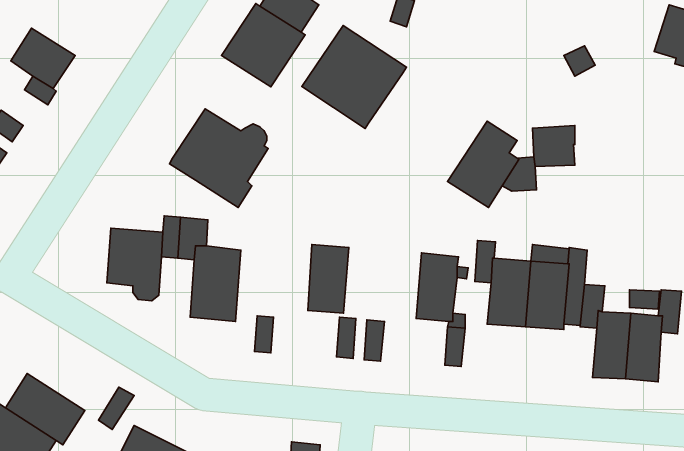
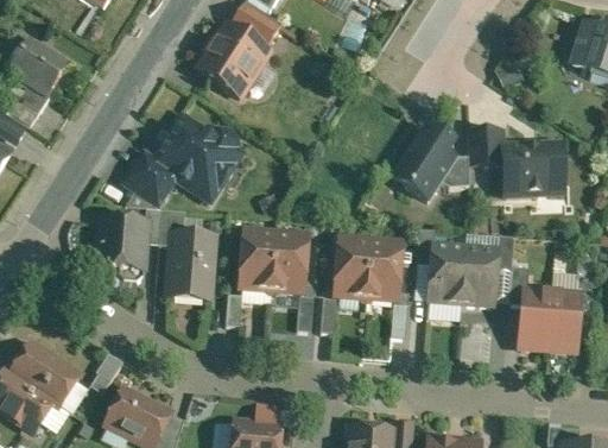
building: [302,25,407,128] -> none
building: none -> [501,143,562,194]
building: none -> [124,151,173,202]
building: none -> [239,229,274,289]
building: none -> [334,236,369,296]

